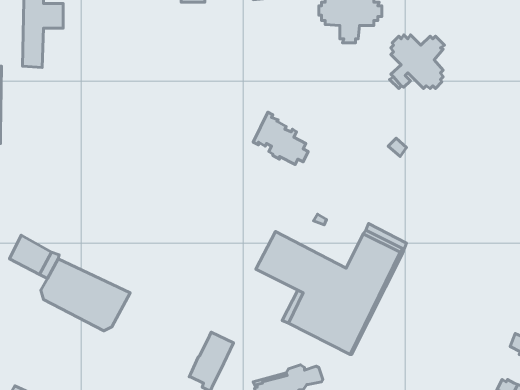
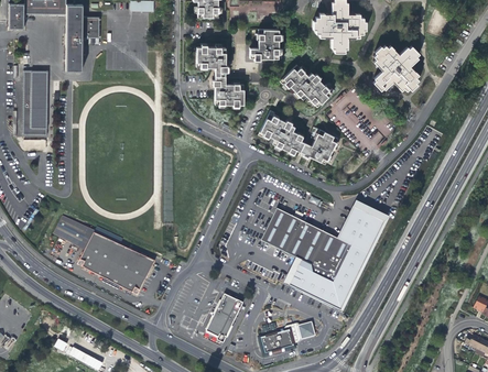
building: none -> [249,28,281,59]
building: none -> [196,44,227,70]
building: none -> [280,64,334,107]
building: none -> [213,75,243,106]
building: none -> [302,127,337,163]

